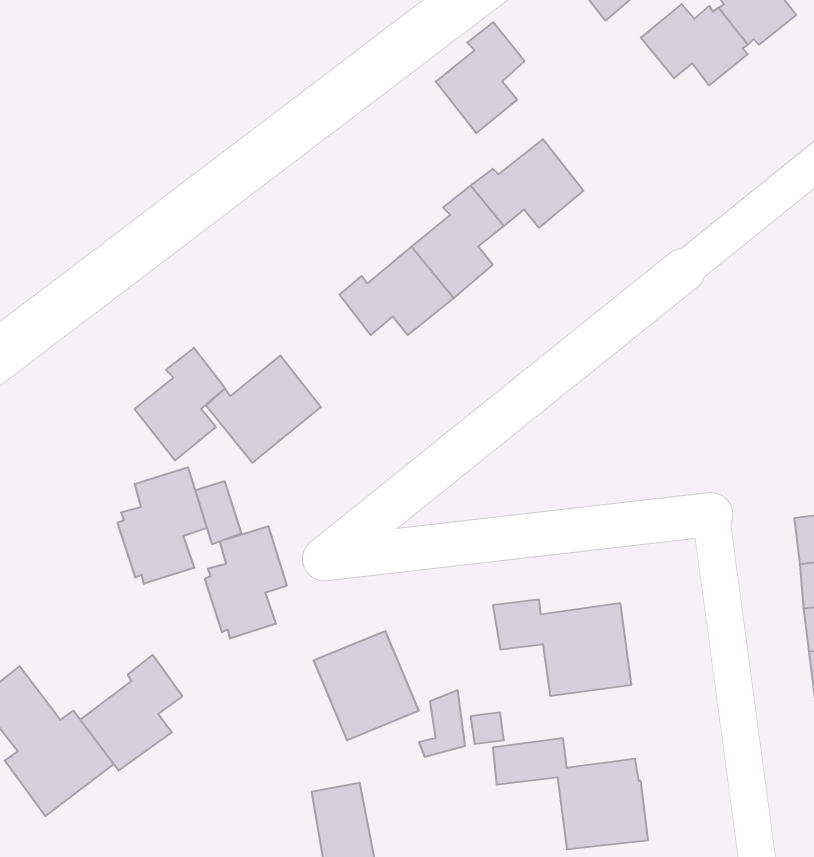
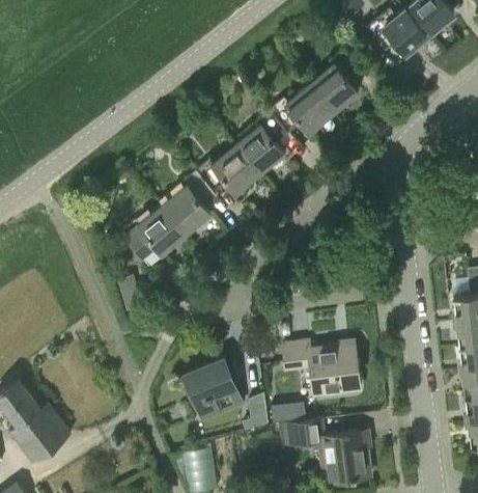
building: [436,22,524,133] -> [312,51,362,113]
building: [135,348,225,461] -> [165,171,216,235]
building: [118,467,207,584] -> none
building: [205,526,287,639] -> none
building: [80,655,182,771] -> none

